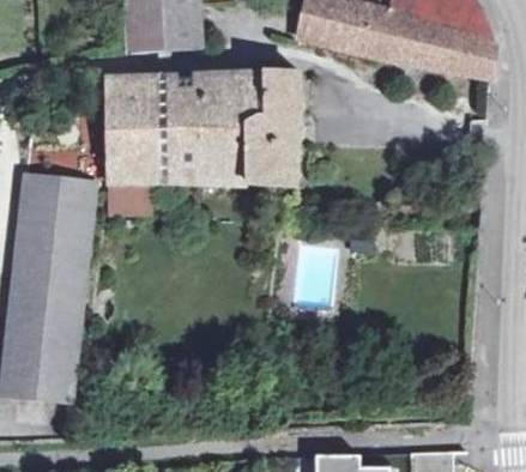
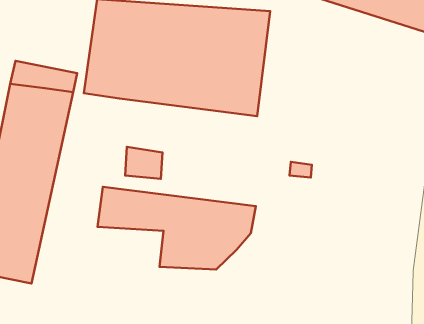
building: [105,182,147,214] -> [125,147,162,179]
building: none -> [97,187,256,270]

